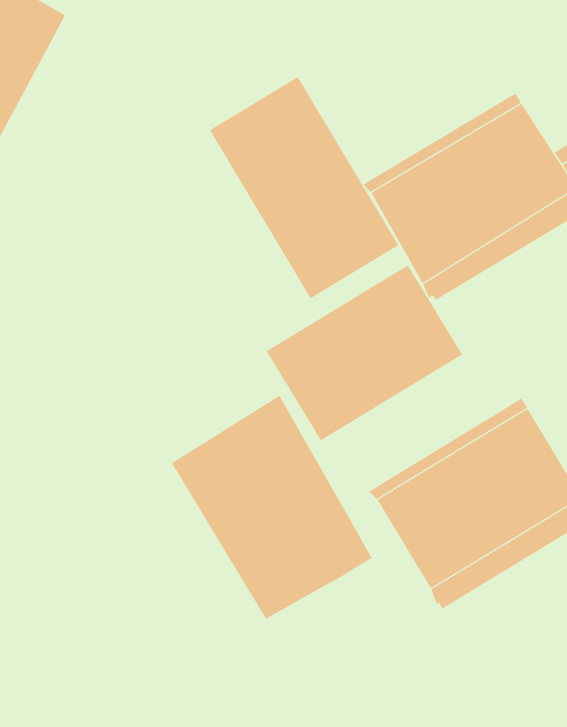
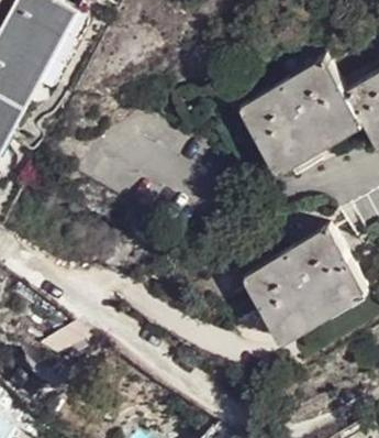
building: [209,76,399,299] -> none
building: [266,265,463,441] -> none
building: [171,395,372,620] -> none

